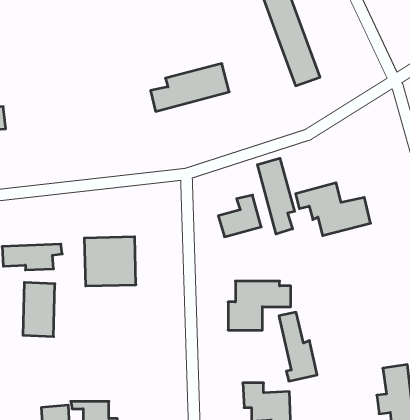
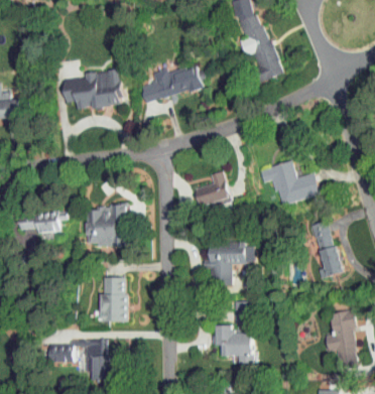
building: none -> [65,70,124,108]
building: [257,158,295,234] -> none
building: [23,282,55,337] -> [101,277,127,321]
building: [279,312,317,381] -> [311,222,343,278]

